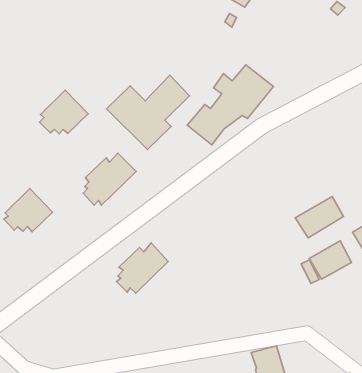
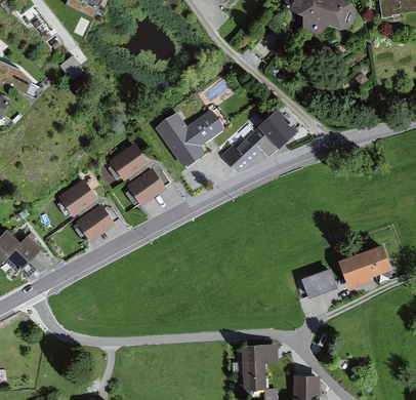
building: [39,90,88,134] -> [109,145,150,181]
building: [295,197,343,238] -> none
building: [116,243,168,293] -> [75,202,120,241]

